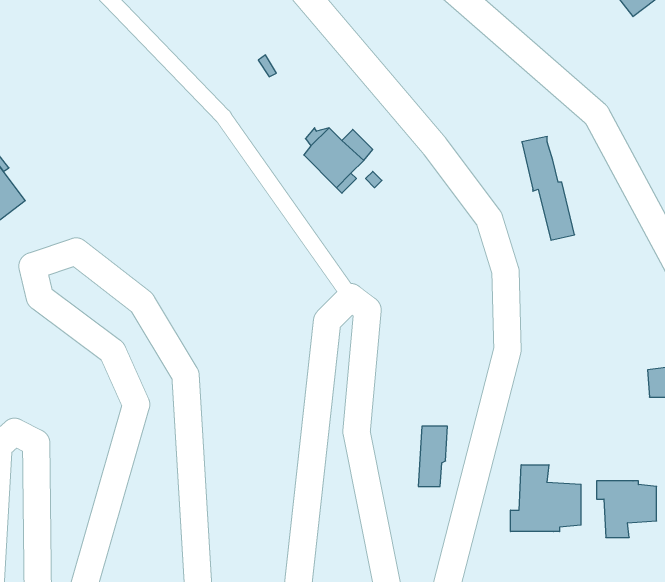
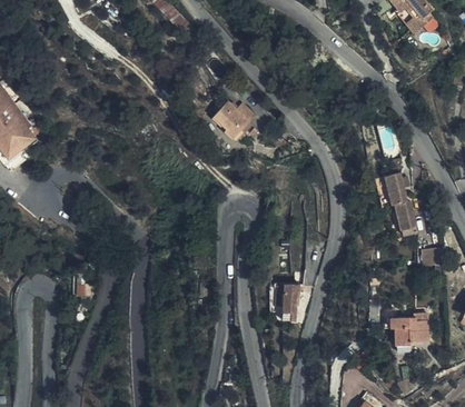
building: [522,137,575,240] -> [385,172,417,236]
building: [511,465,581,532] -> none

